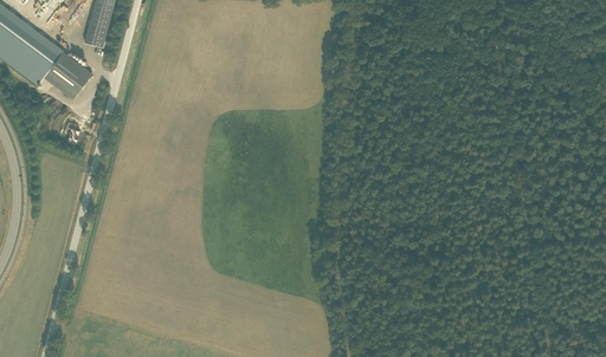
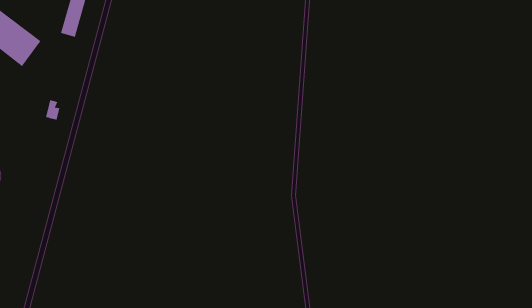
building: [43,51,90,98] -> none

